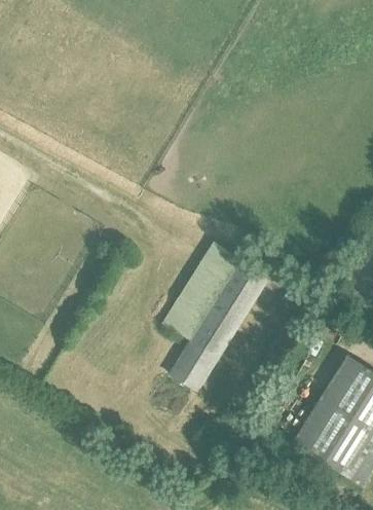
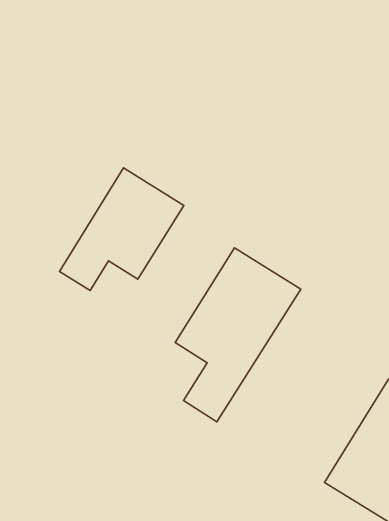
building: none -> [60,168,184,290]

